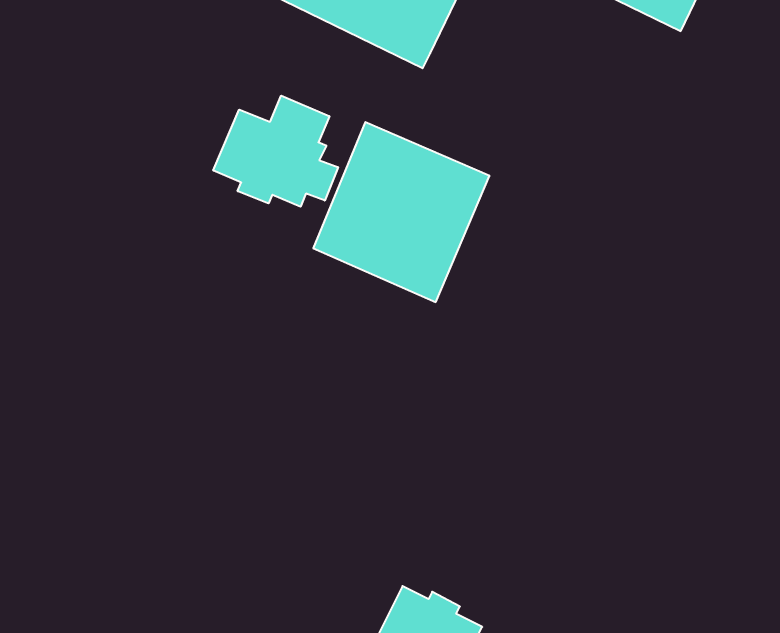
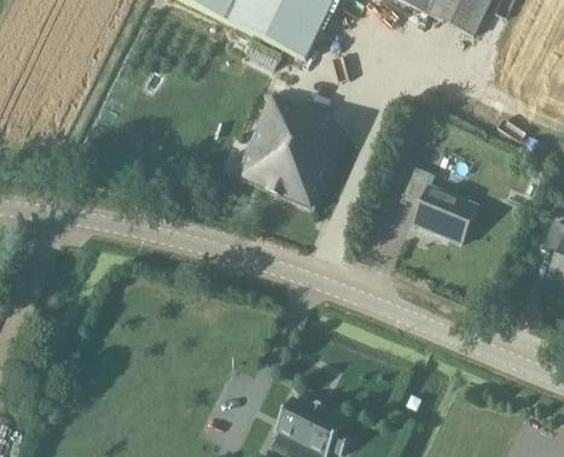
building: [213,96,338,207] -> none
building: none -> [402,165,478,242]

